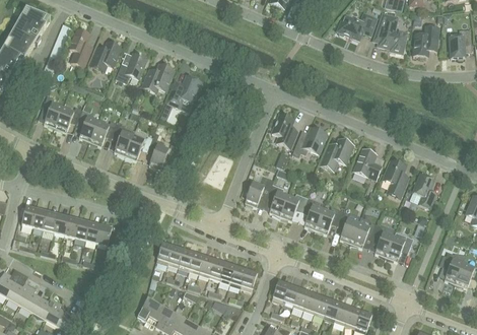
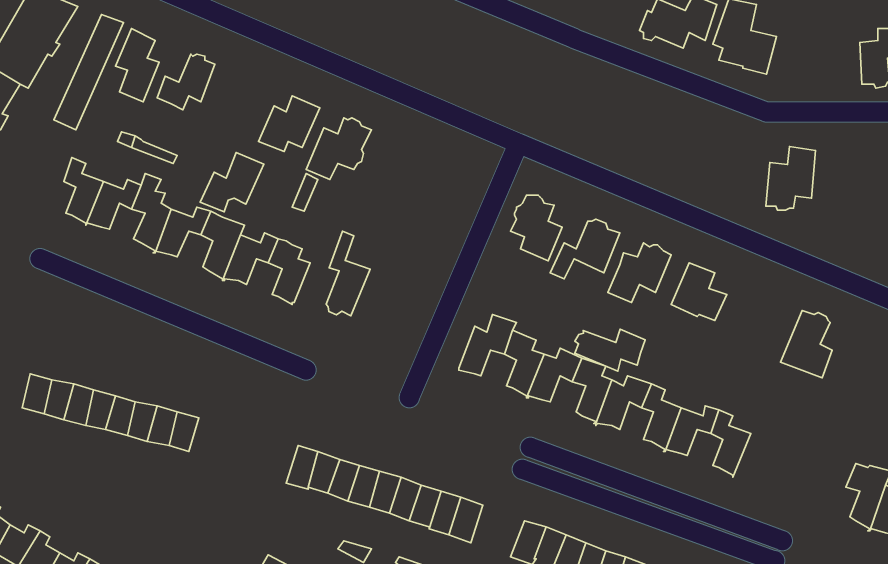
building: [413,24,438,57] -> [766,146,815,210]
building: [115,52,147,82] -> [200,152,264,212]
building: none -> [326,231,370,316]
building: [383,159,408,197] -> none
building: none -> [575,329,645,371]
building: [385,234,413,261] -> none

